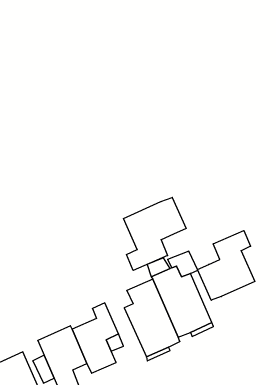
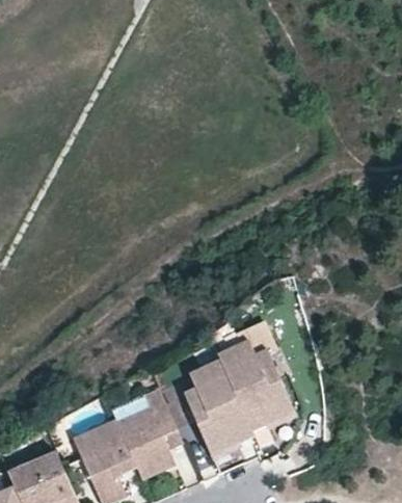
building: [123,197,186,270] -> none
building: [198,231,255,300] -> none

